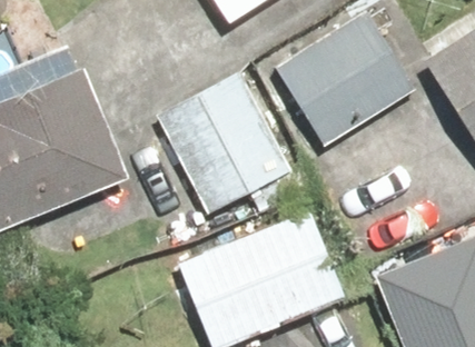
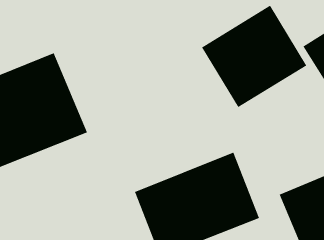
building: [158,69,297,218] -> none

